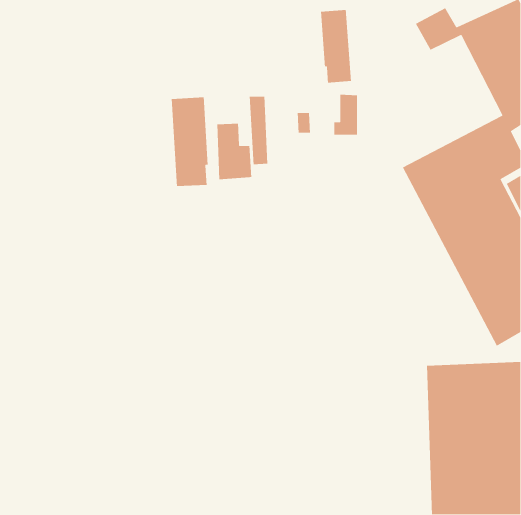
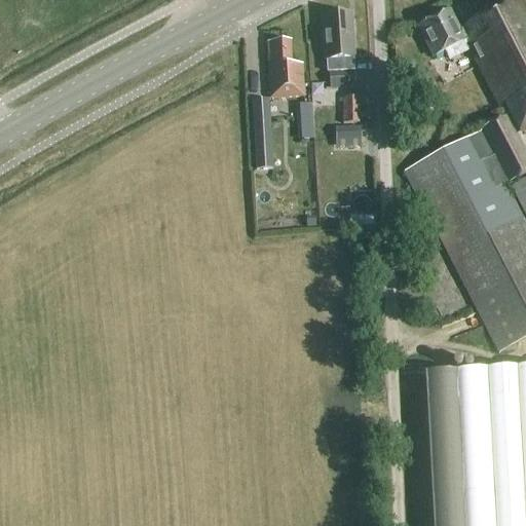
building: [171,97,209,187] -> none
building: [217,123,252,180] -> [267,38,303,96]

